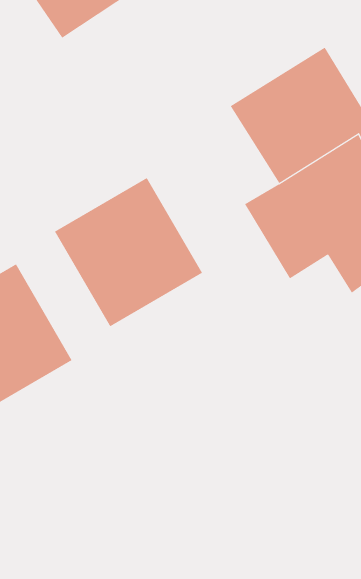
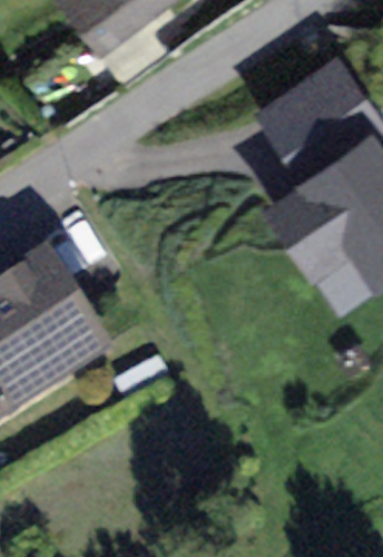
building: [54,177,203,327] -> none

